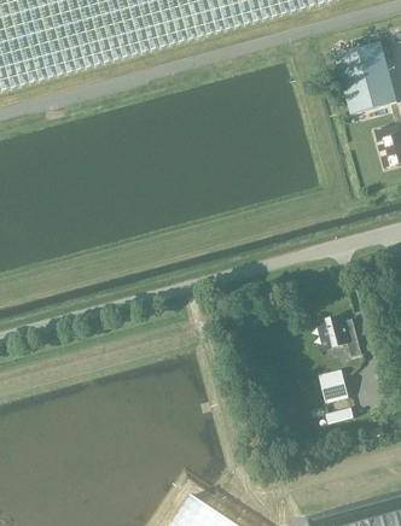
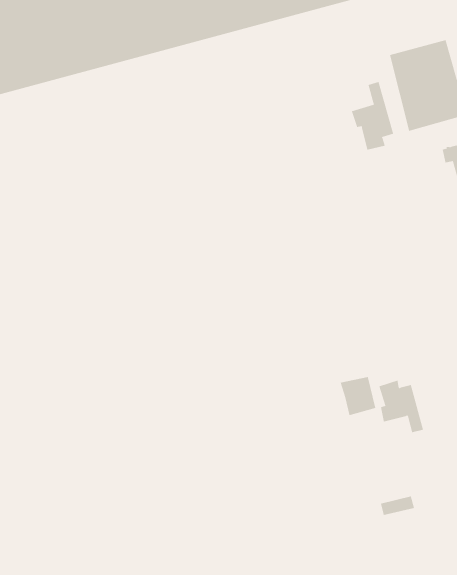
building: none -> [351,81,394,150]
building: [318,372,347,403] -> [340,377,376,416]

